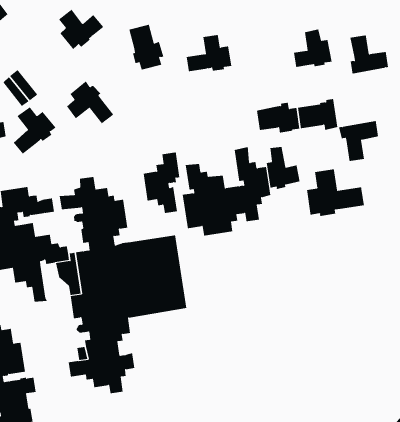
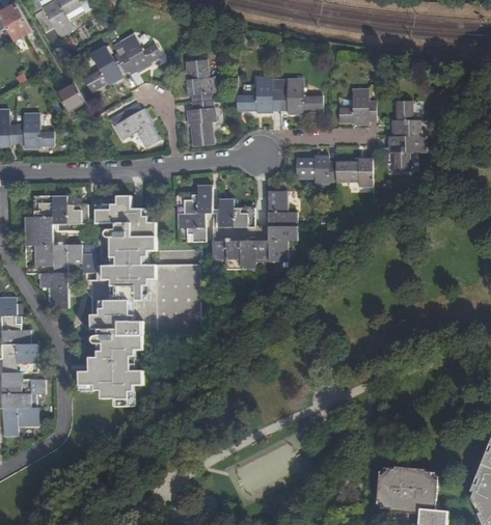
building: none -> [278,80,321,114]
building: none -> [186,100,215,146]
building: [13,107,56,155] -> [84,47,128,91]
building: [338,120,379,162] -> [387,135,425,170]
building: [266,146,300,190] -> none
building: [306,168,364,217] -> none

